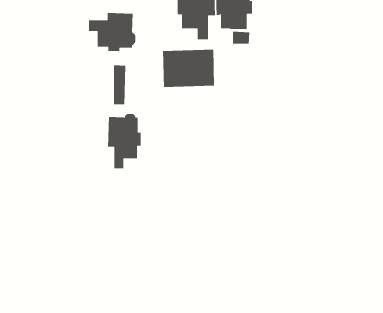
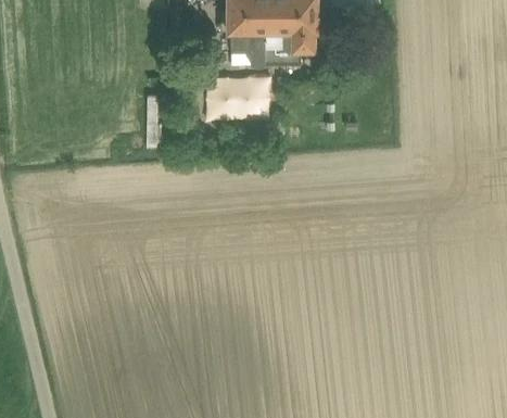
building: [88,12,136,52] -> none
building: [107,113,142,169] -> none

